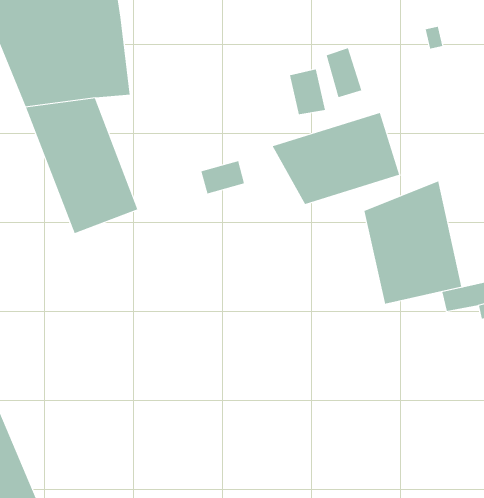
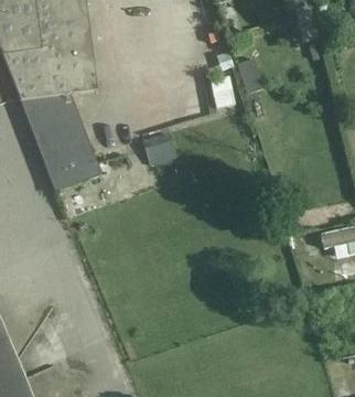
building: [272,112,400,205] -> none
building: [364,180,462,304] -> none

